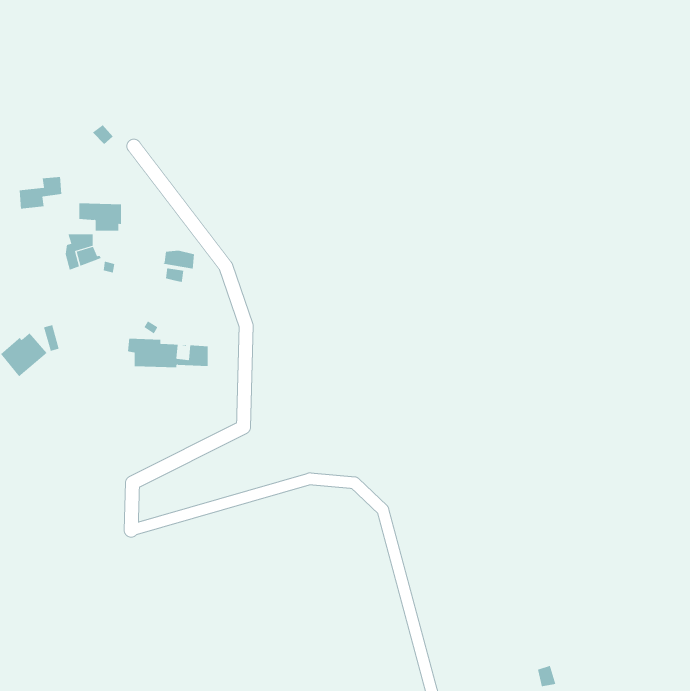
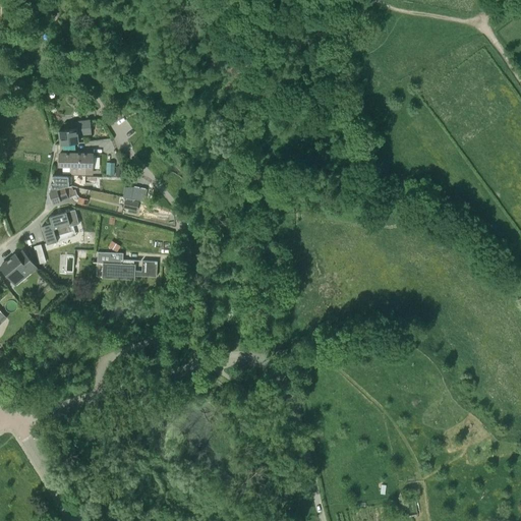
building: [19,177,62,209] -> [58,120,91,144]
building: none -> [41,209,80,244]

